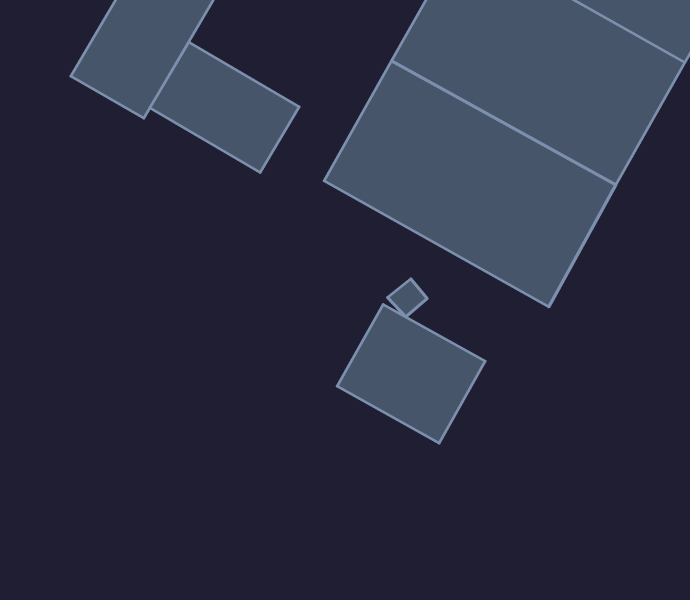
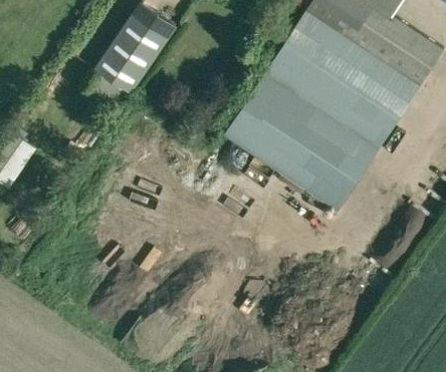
building: [150,42,299,172] -> none
building: [337,304,485,443] -> none

